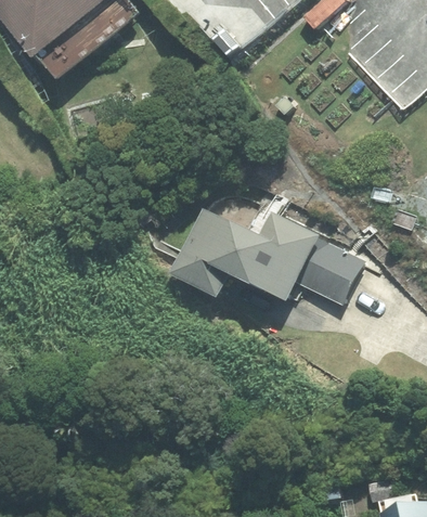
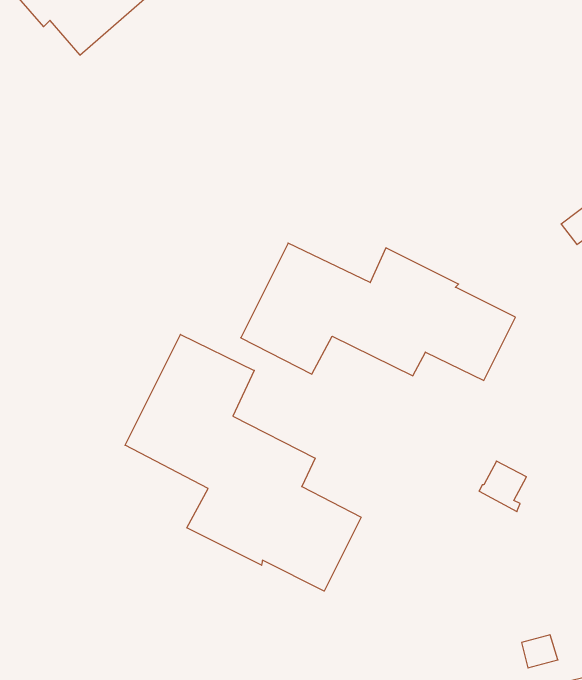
building: none -> [125,334,361,591]

